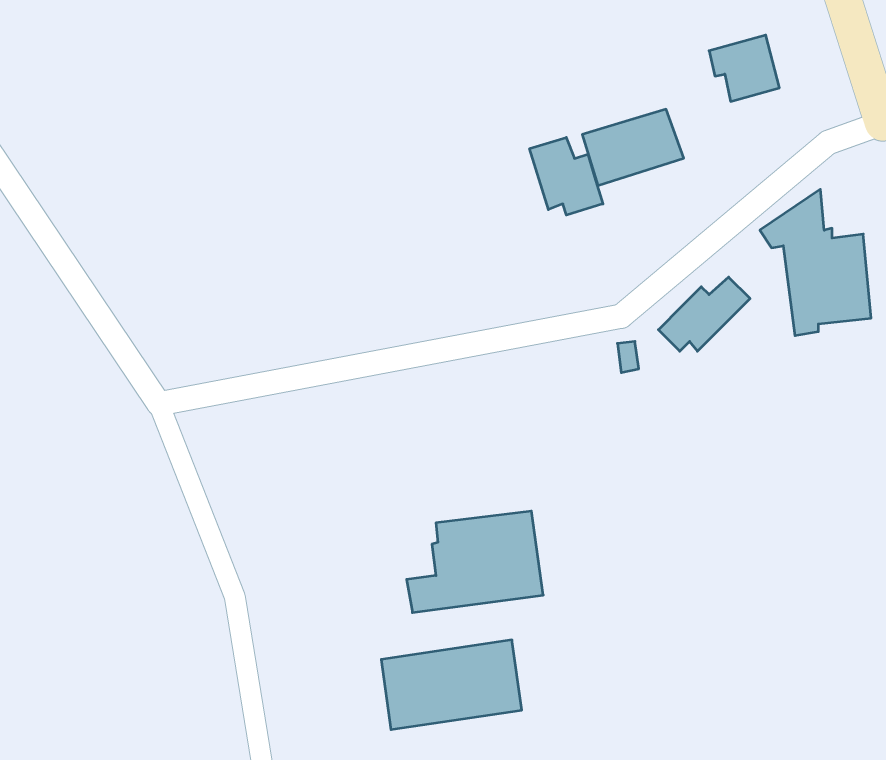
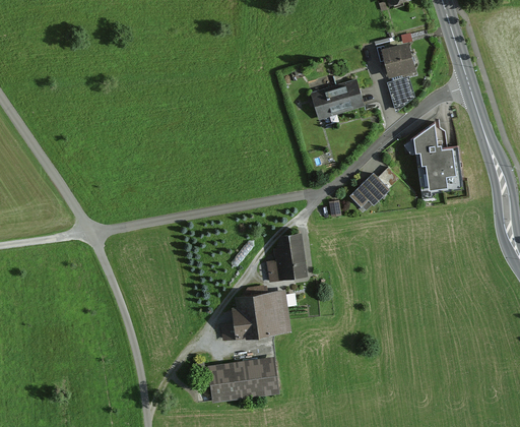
building: none -> [386,76,413,113]
building: [530,137,603,215] -> none
building: none -> [267,233,308,283]

